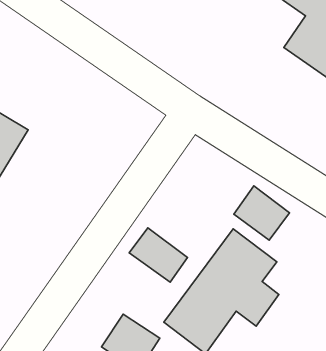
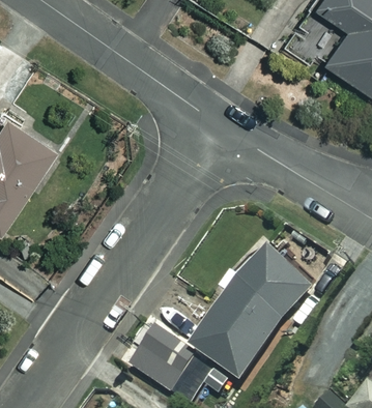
building: [234,186,290,240] -> none
building: [129,228,188,282] -> none

